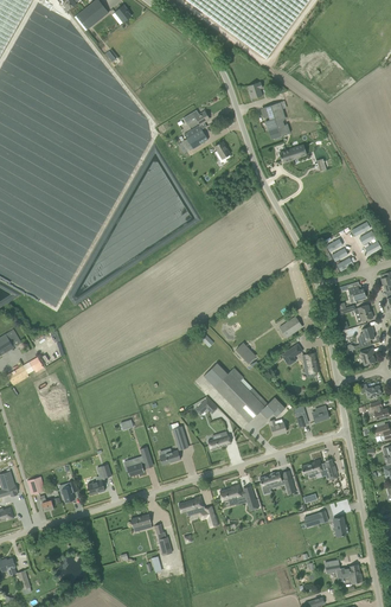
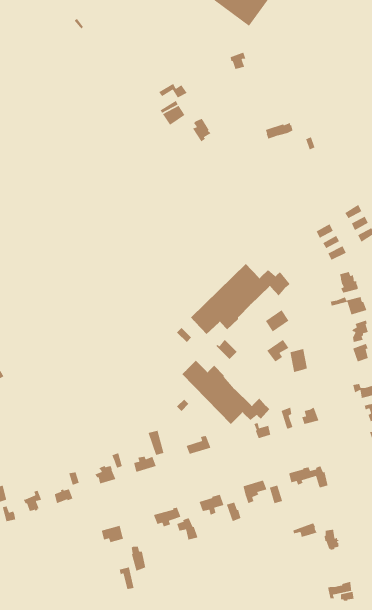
building: [259,101,289,139] -> none
building: none -> [190,263,291,335]

